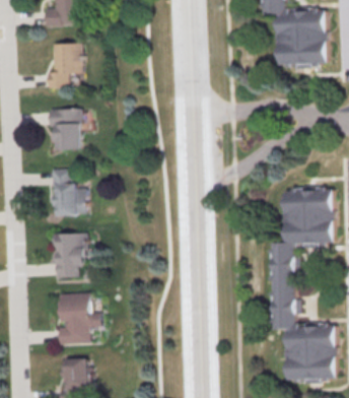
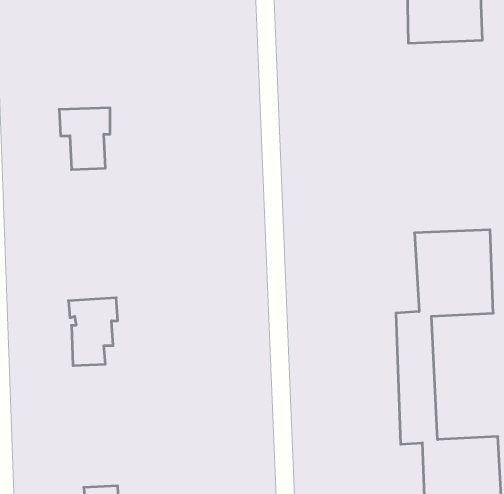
building: [47,43,81,86] -> none
building: [51,169,85,215] -> none
building: [57,292,99,343] -> none

